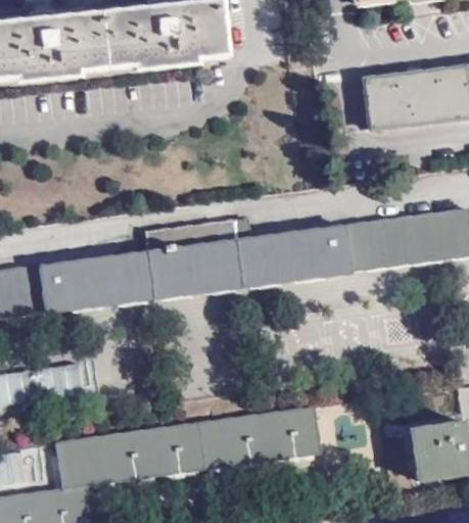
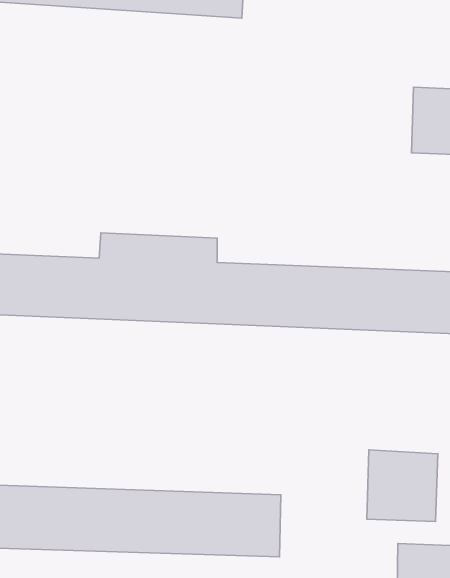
building: none -> [367,450,438,522]

